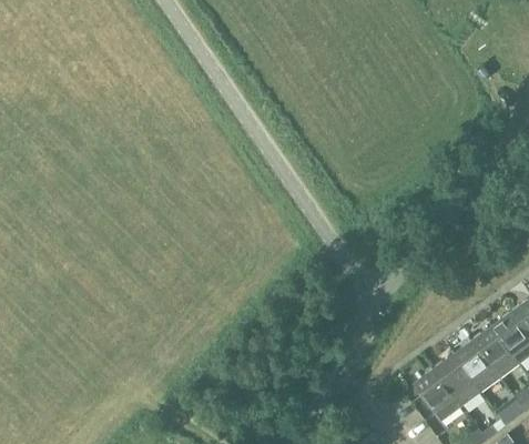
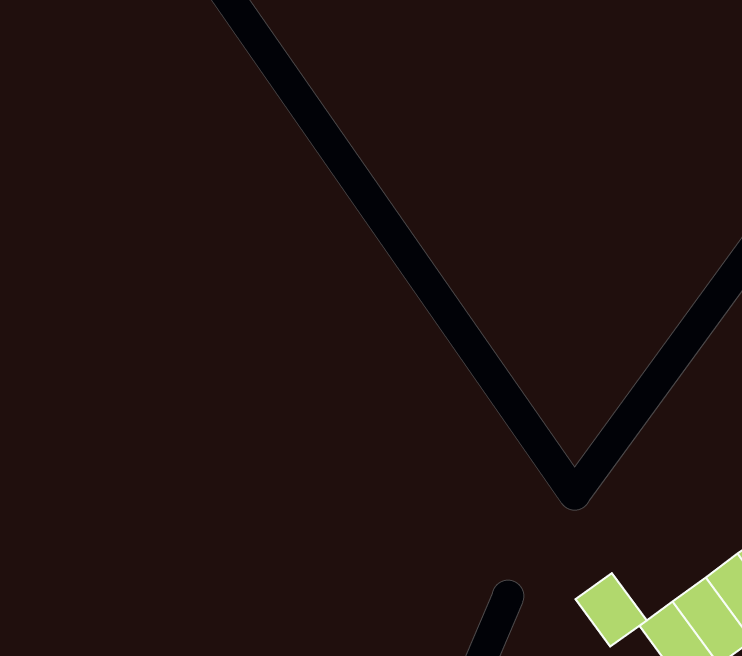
building: none -> [575,573,647,647]

